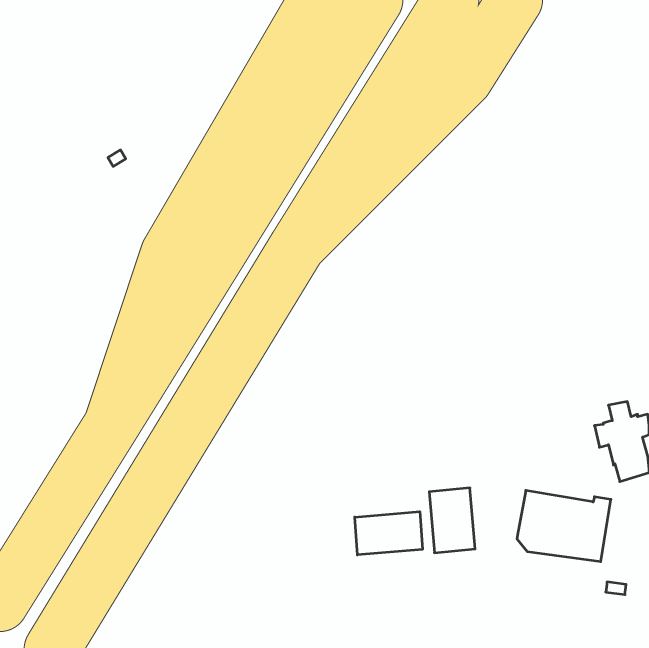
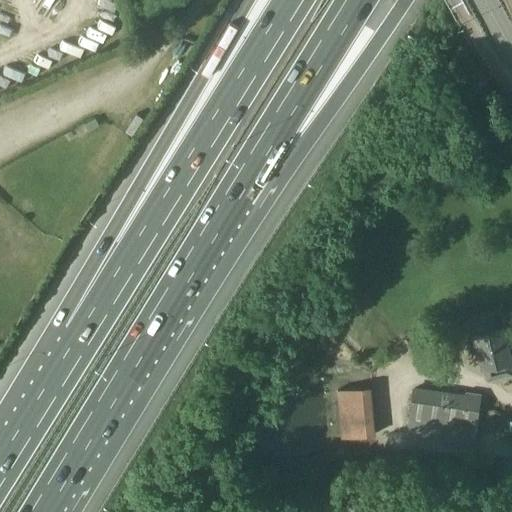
building: [355,512,422,555] -> none

